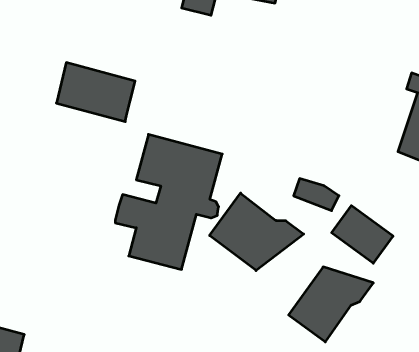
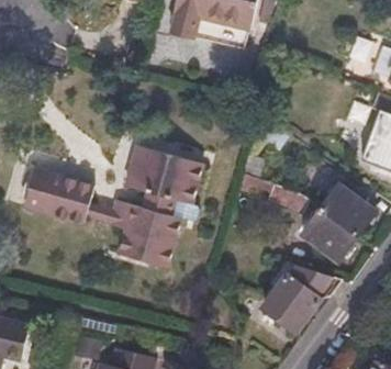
building: [56,63,135,122] -> [24,169,94,222]
building: none -> [320,184,376,237]
building: [210,193,304,271] -> none

